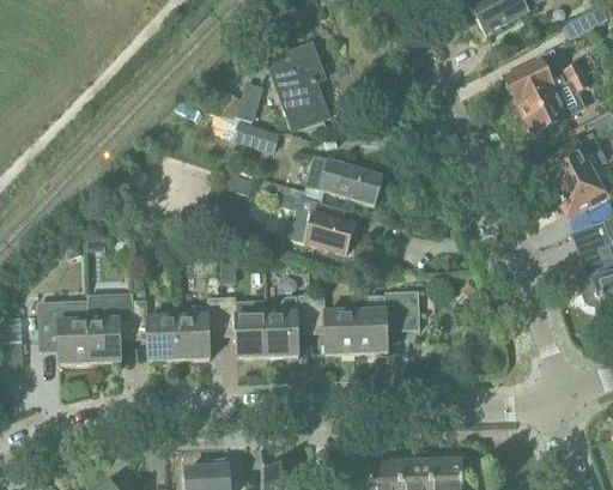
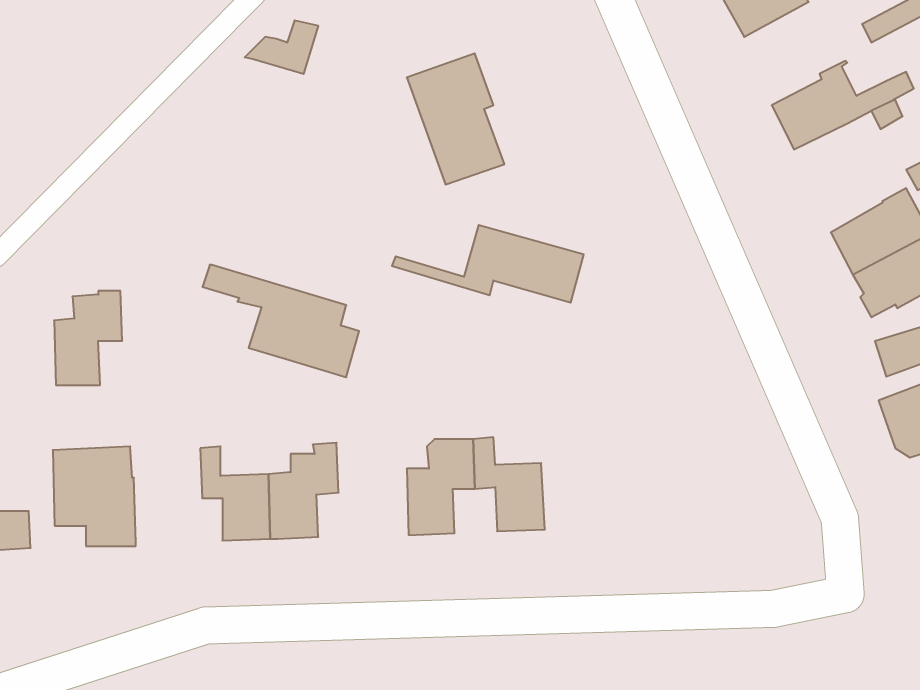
building: [216,84,263,119] -> [245,20,318,74]
building: [520,90,569,135] -> none
building: [233,120,281,152] -> none
building: [253,182,354,255] -> [202,265,359,377]
building: [356,291,420,353] -> none
building: [223,297,269,357] -> none
building: [91,301,135,362] -> [54,291,122,385]

